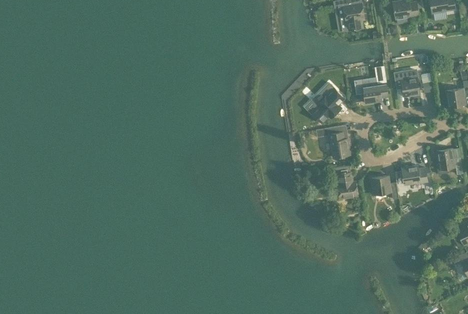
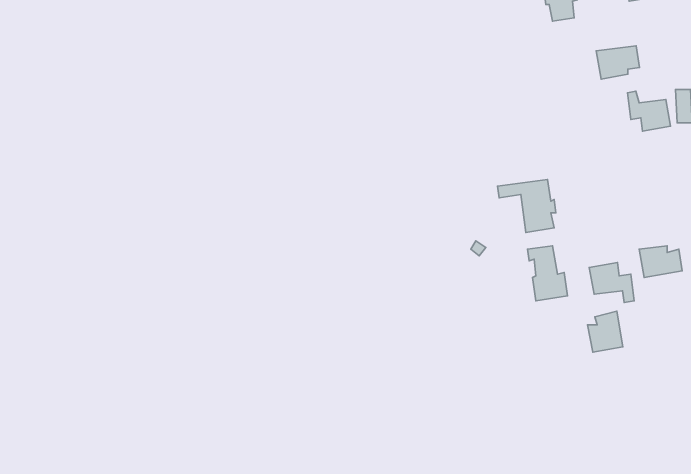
building: [304,82,343,122] -> none
building: [361,82,387,102] -> [596,46,639,79]
building: none -> [588,311,623,352]

